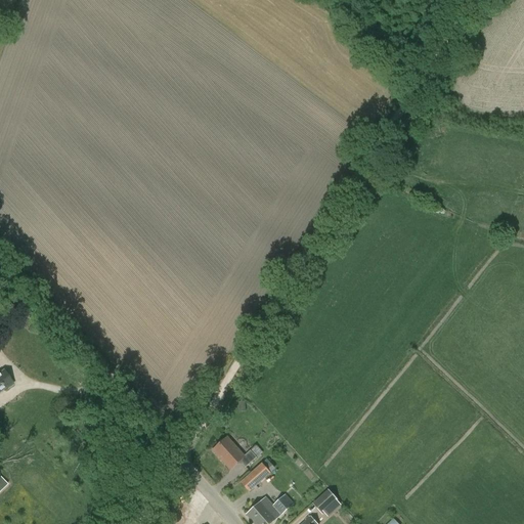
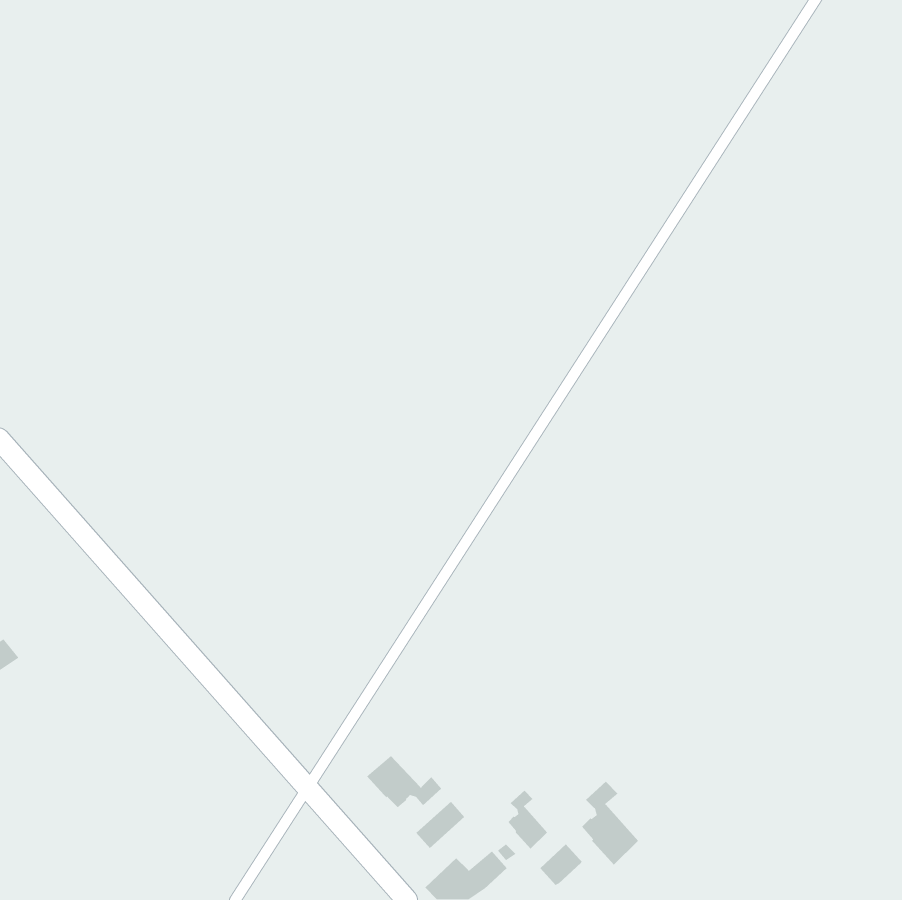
building: none -> [581,781,639,865]
building: none -> [507,790,548,850]

